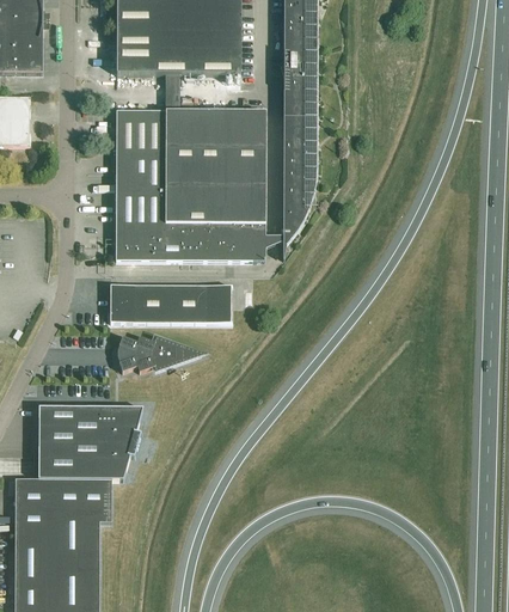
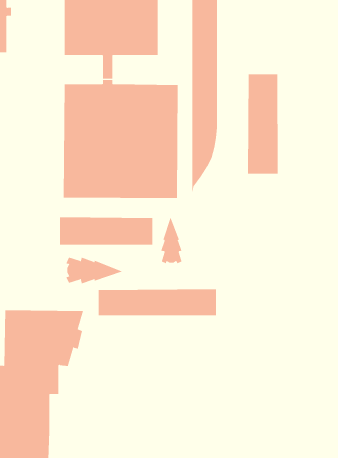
building: none -> [247,73,278,174]
building: none -> [160,216,182,264]
building: none -> [98,288,217,316]

